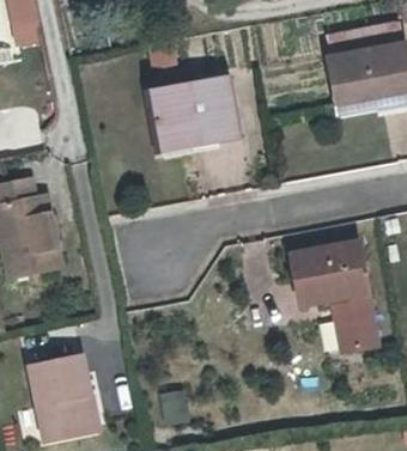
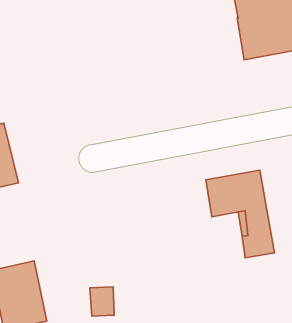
building: [153,77,243,145] -> none

